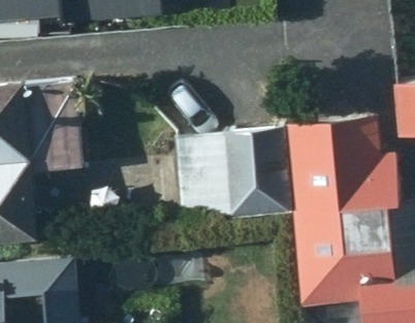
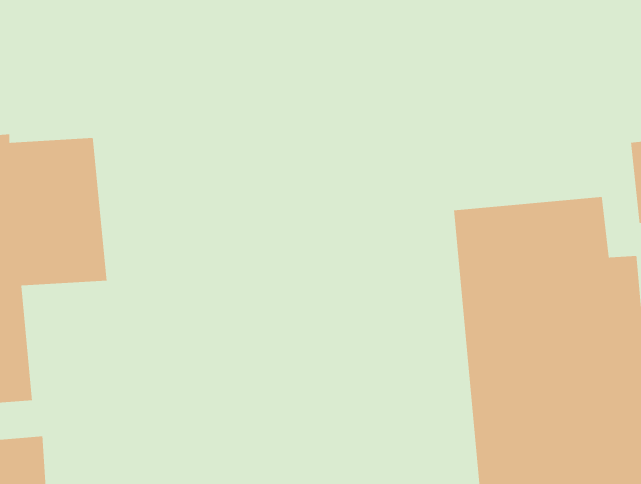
building: [178,129,290,222] -> none

